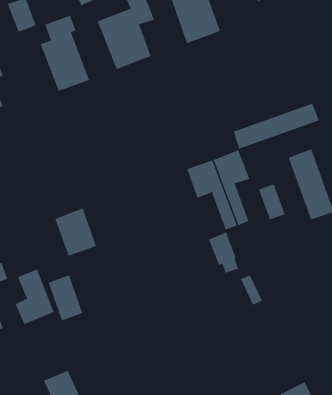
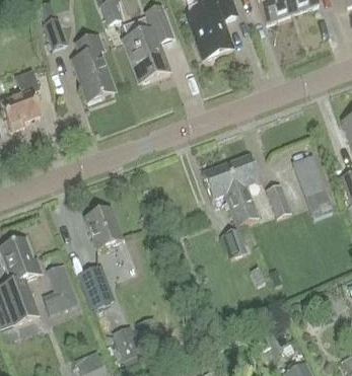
building: [233,103,320,150] -> none
building: none -> [112,322,142,359]

